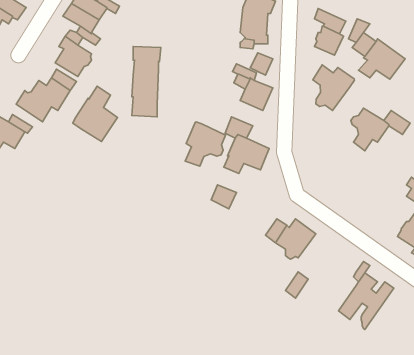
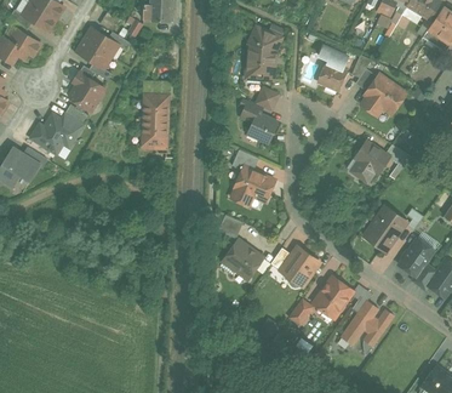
building: [313,65,354,110] -> none
building: [73,86,118,141] -> none
building: [185,122,226,166] -> none
building: none -> [371,206,407,251]
building: none -> [225,239,264,278]
building: none -> [314,275,354,314]

